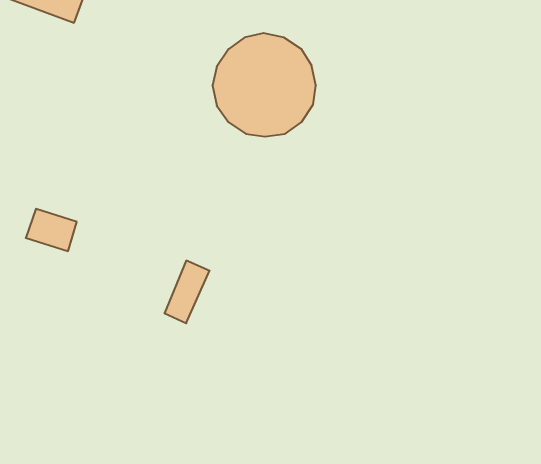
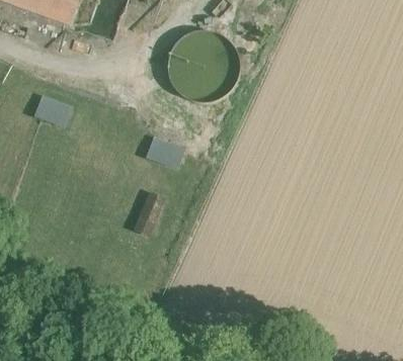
building: none -> [148,139,181,168]
building: [26,209,77,251] -> [34,97,70,126]

